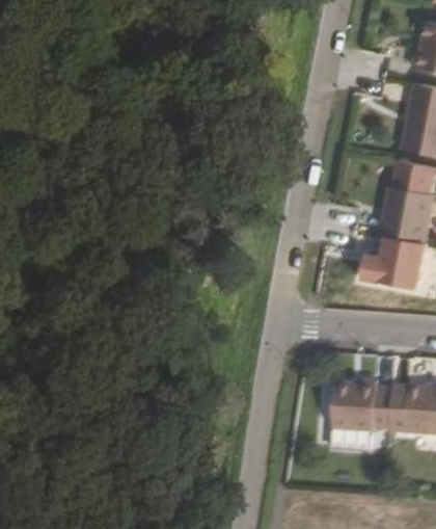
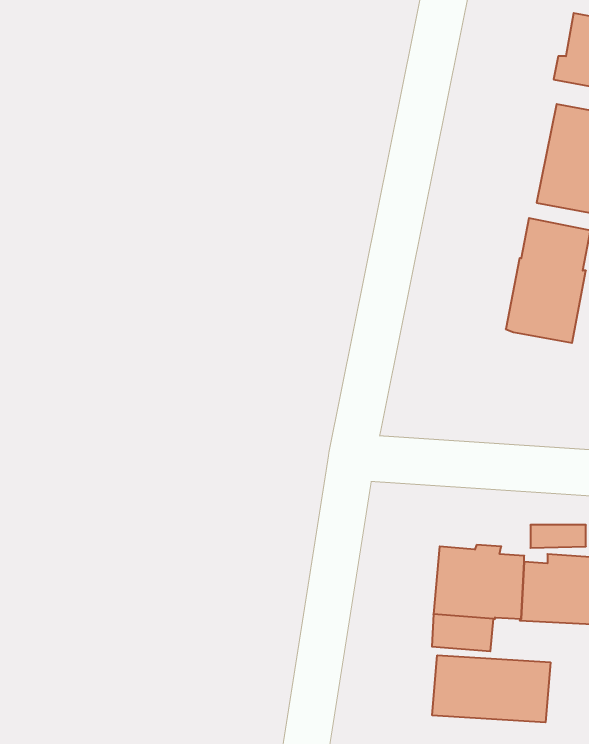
building: [359,237,425,290] -> none
building: none -> [432,655,550,722]

